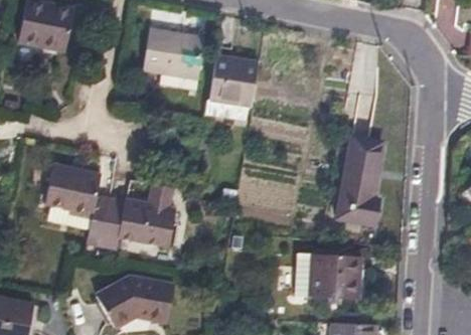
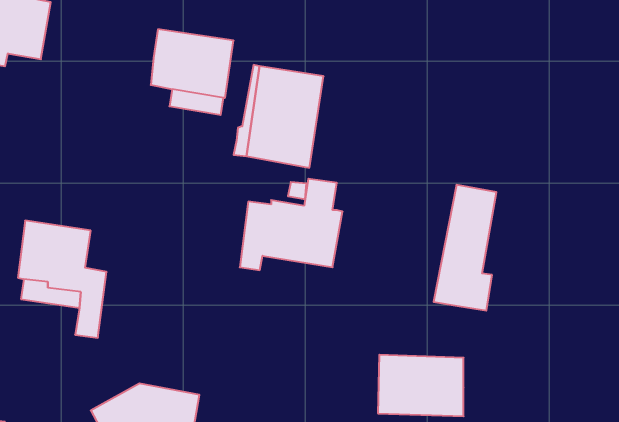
building: [102,182,174,246] -> [240,179,343,270]

